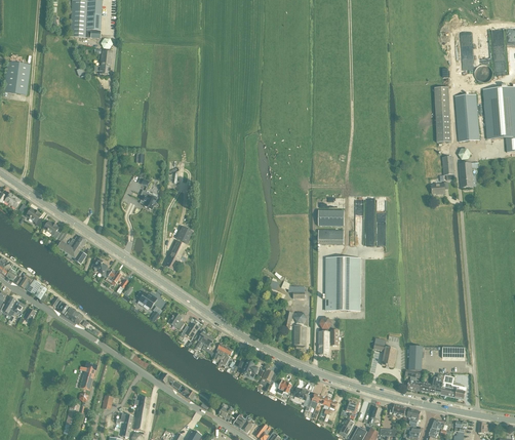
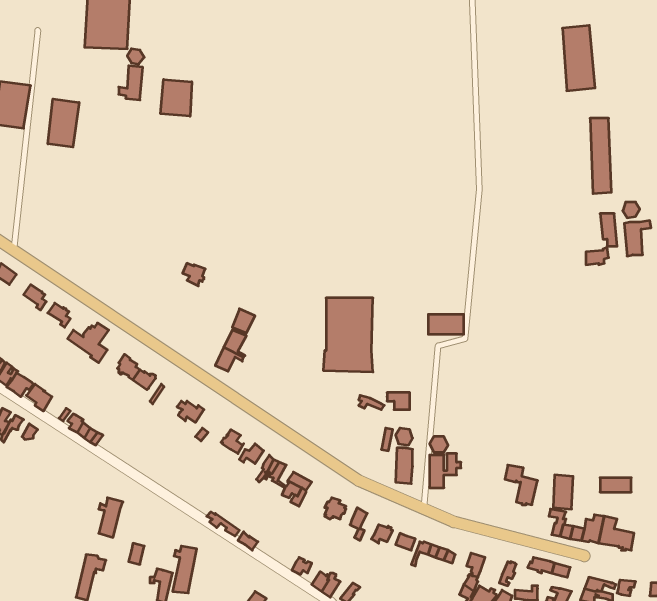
building: none -> [161,79,192,116]
building: none -> [48,99,79,147]
building: [454,93,478,141] -> [562,25,595,91]
building: [317,209,344,226] -> none
building: [324,257,360,311] -> [323,298,373,372]

